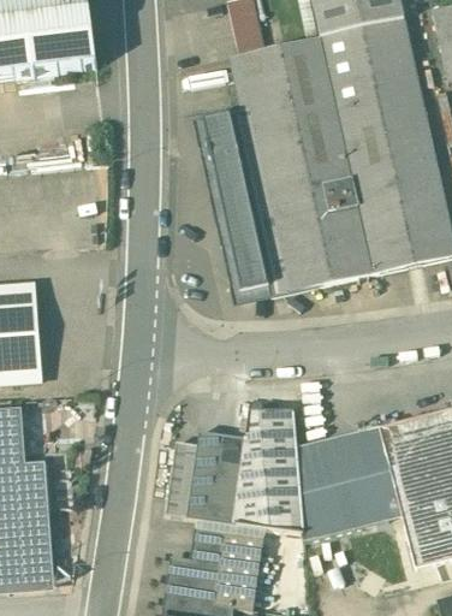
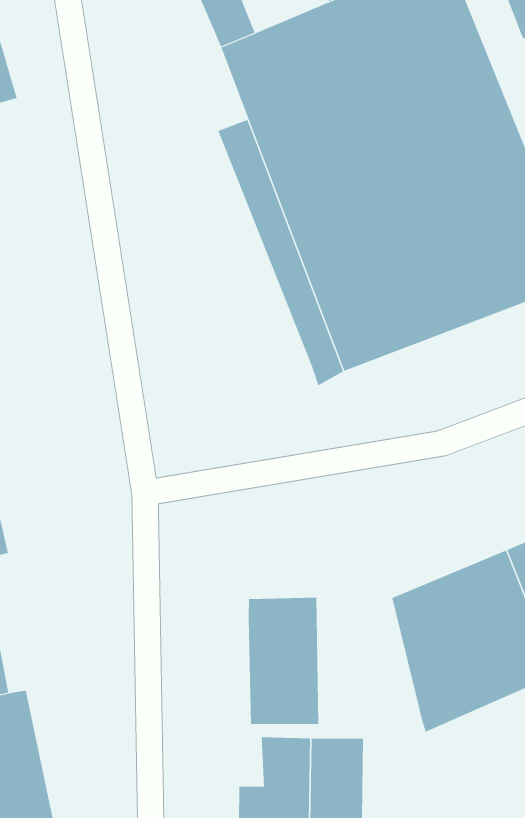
building: [197,112,267,289] -> none
building: [234,411,304,534] -> none
building: [165,444,197,519] -> none

